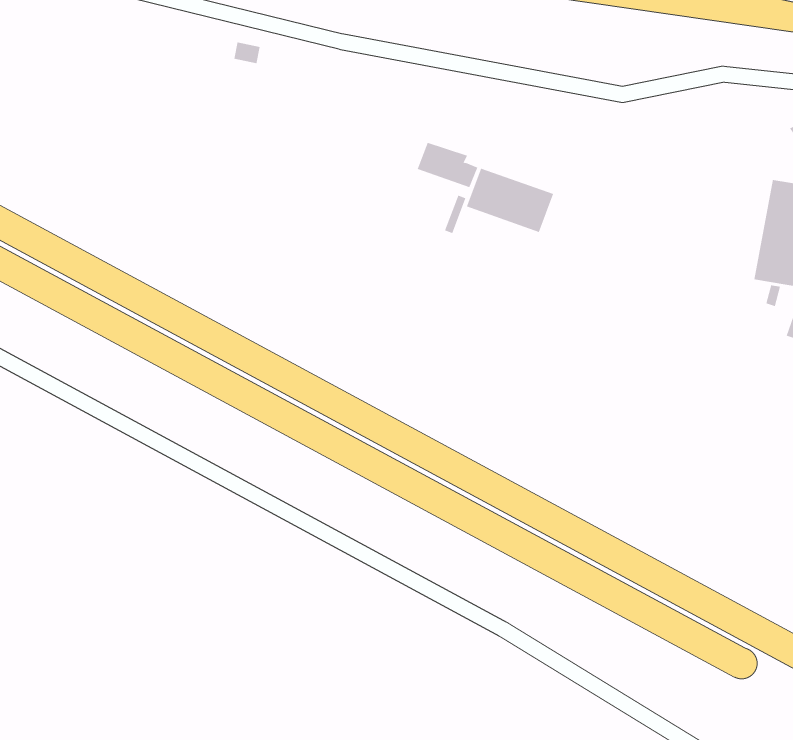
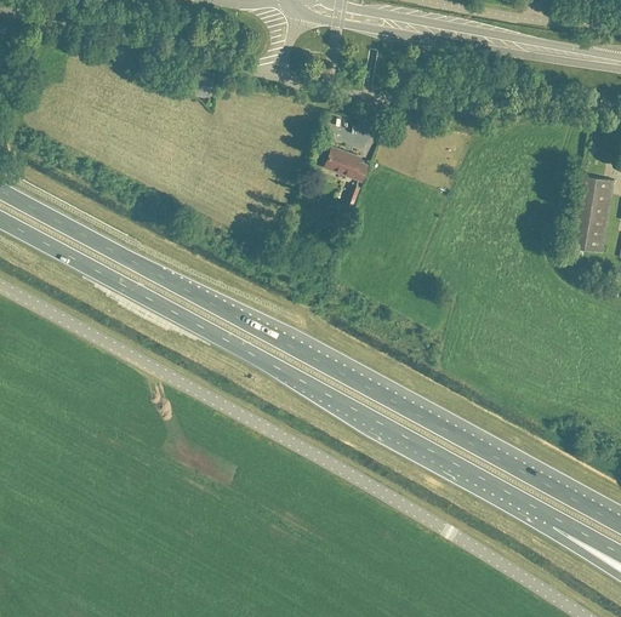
building: [466,168,554,233] -> none

